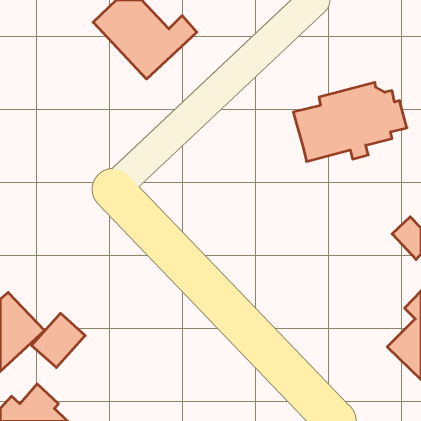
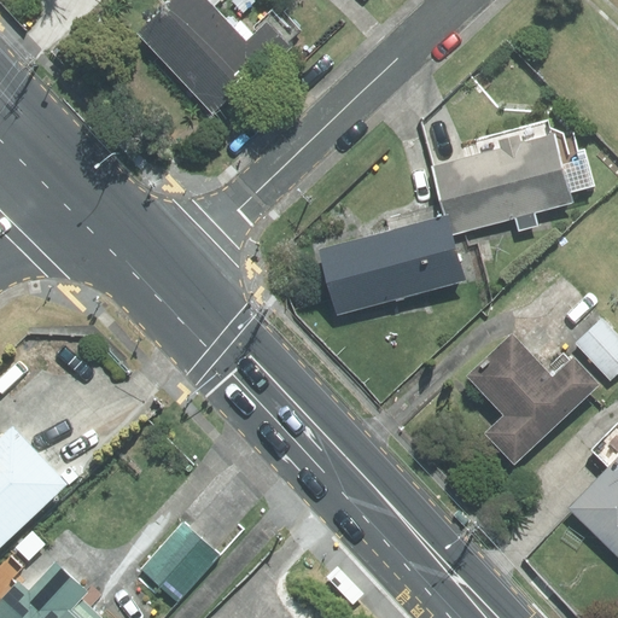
building: none -> [320,216,461,314]
building: none -> [468,336,599,464]
building: [32,313,85,368] -> [141,521,220,601]

